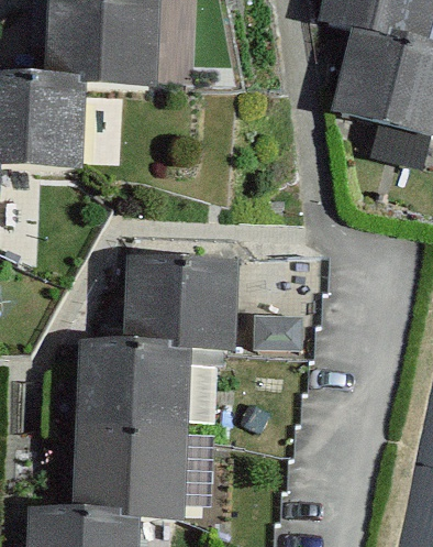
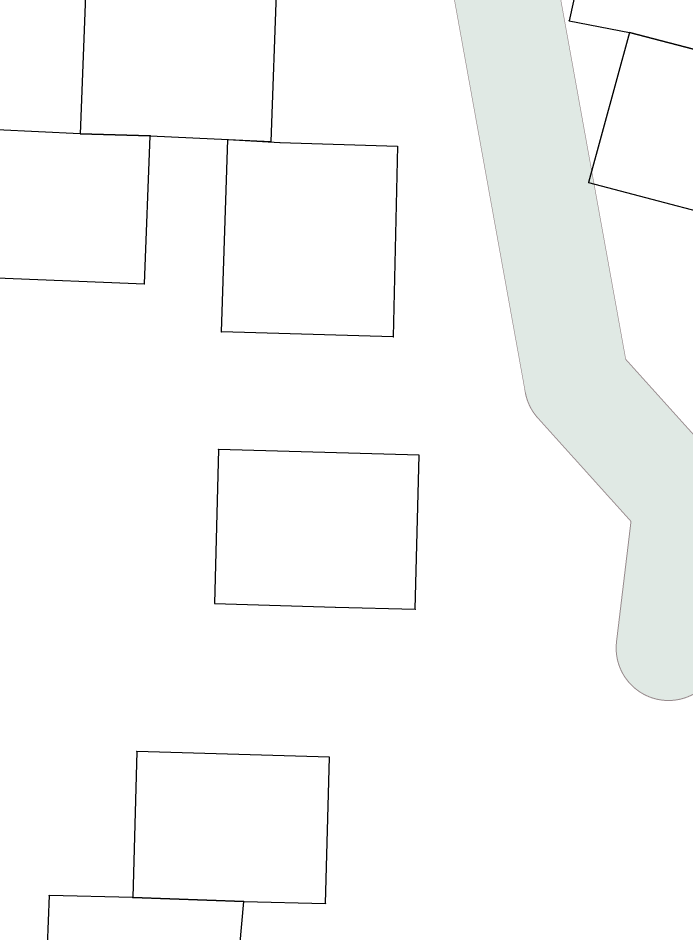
building: none -> [221,140,397,337]
building: [78,347,190,435] -> none

